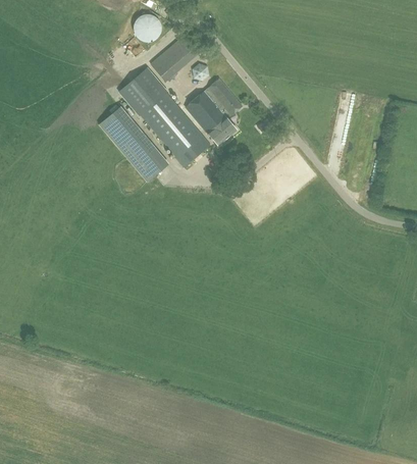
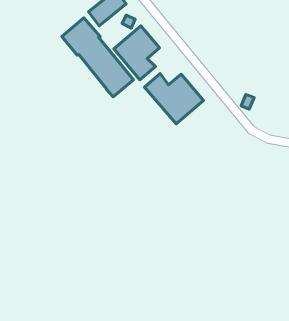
building: [105,114,169,176] -> none
building: none -> [145,74,204,124]

